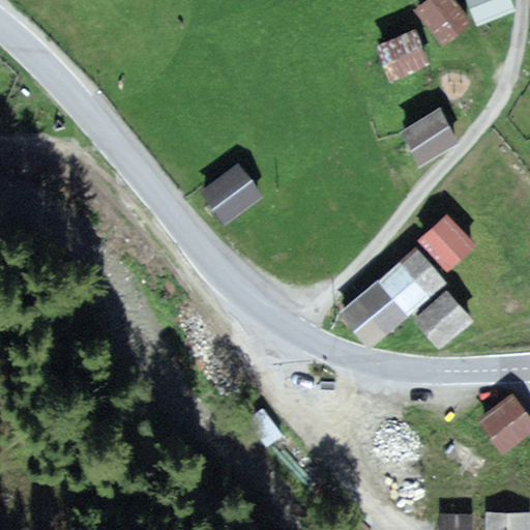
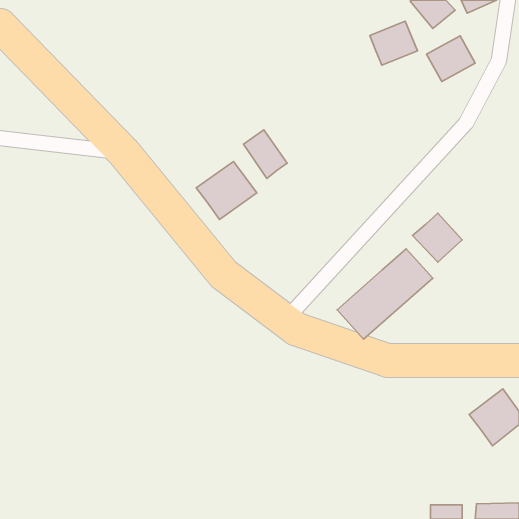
building: [403,100,452,147] -> [426,36,475,82]
building: none -> [243,130,287,179]
building: [416,295,470,348] -> none

